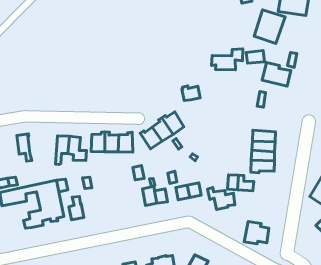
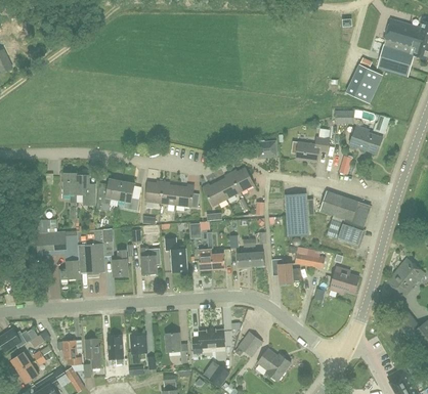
building: [211,49,243,70] -> [291,137,329,161]
building: none -> [288,189,309,230]
building: none -> [75,173,94,204]
building: none -> [164,237,186,271]
building: none -> [139,247,159,273]
building: [244,222,269,244] -> [329,266,358,293]

